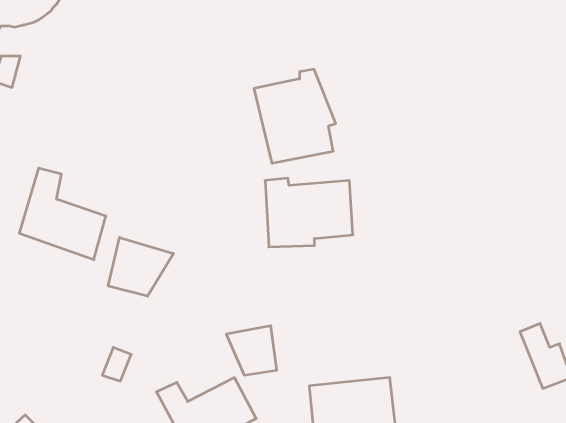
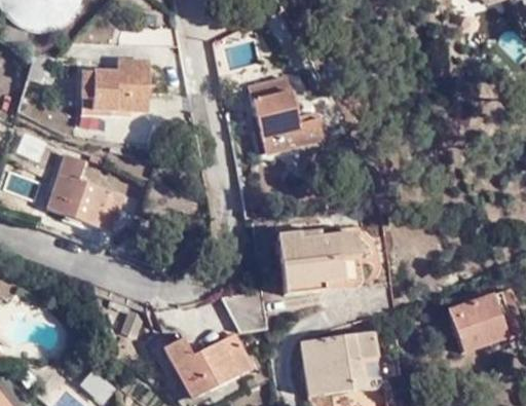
building: none -> [77,60,146,111]
building: [265,178,353,247] -> [283,233,358,292]
building: [108,237,173,296] -> none
building: none -> [434,295,492,352]

